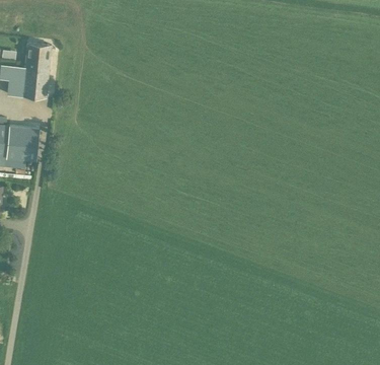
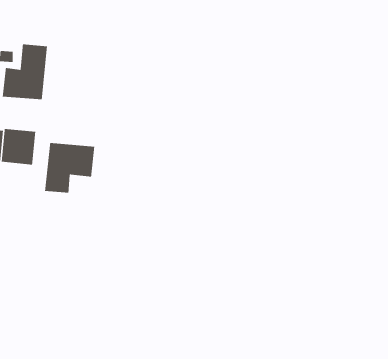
building: none -> [44,142,95,193]

